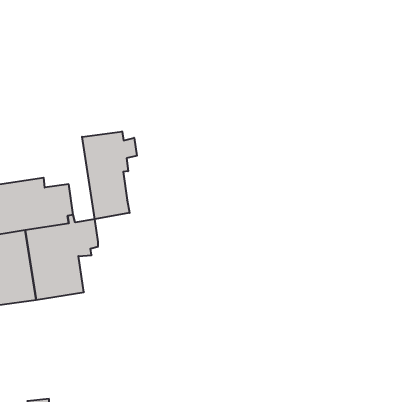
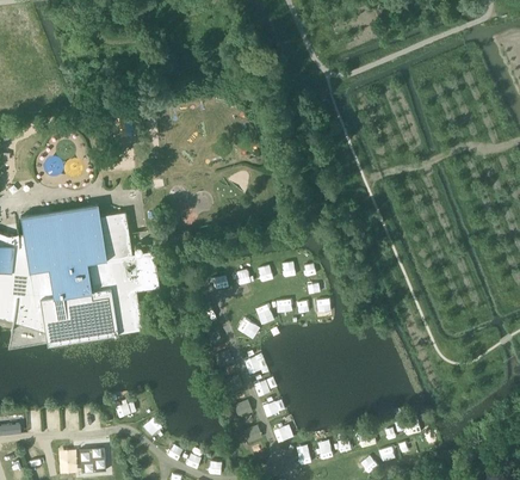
building: [82,131,137,219] -> none

